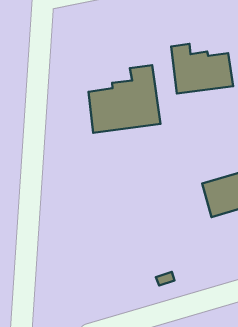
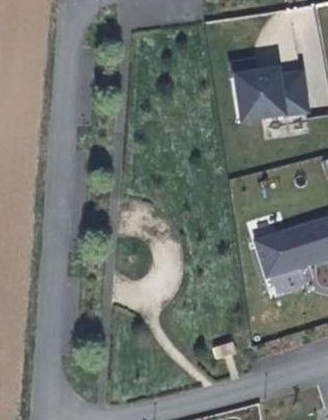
building: [88,65,160,133] -> none

